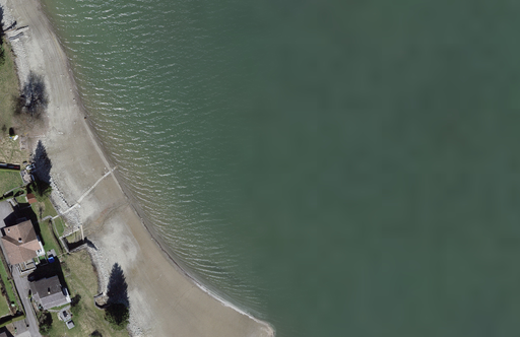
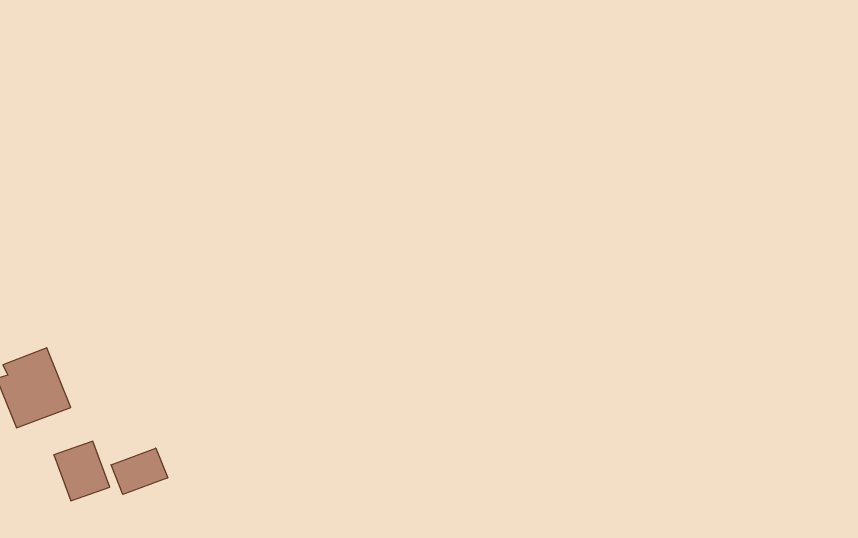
building: none -> [111,448,168,494]

